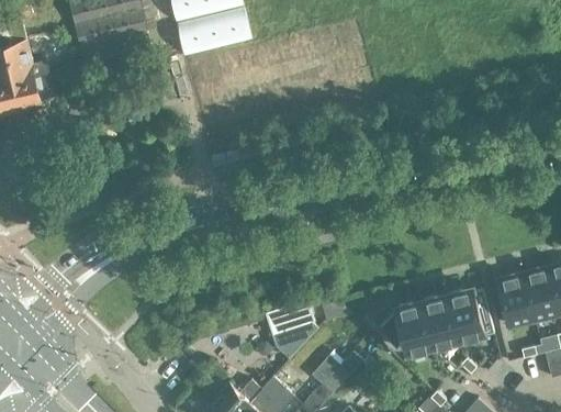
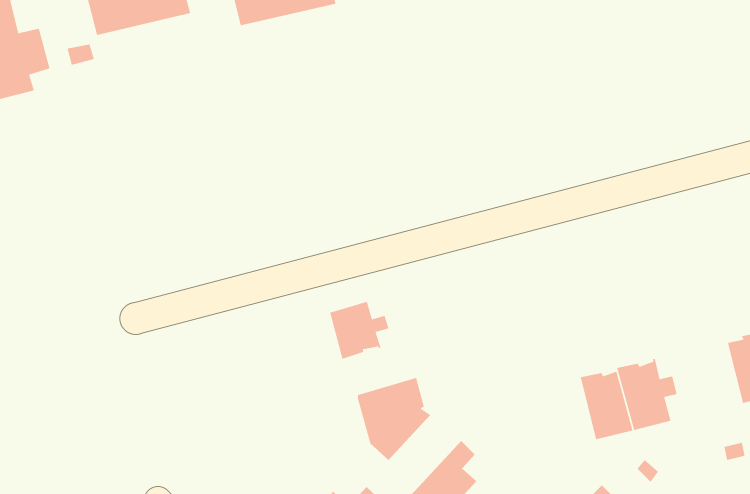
building: none -> [329,301,389,360]
building: [497,275,535,325] -> none
building: [375,300,433,350] -> none

